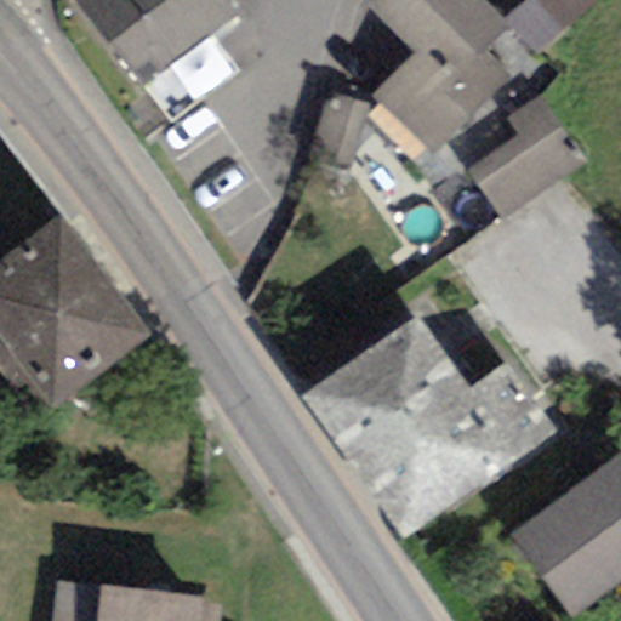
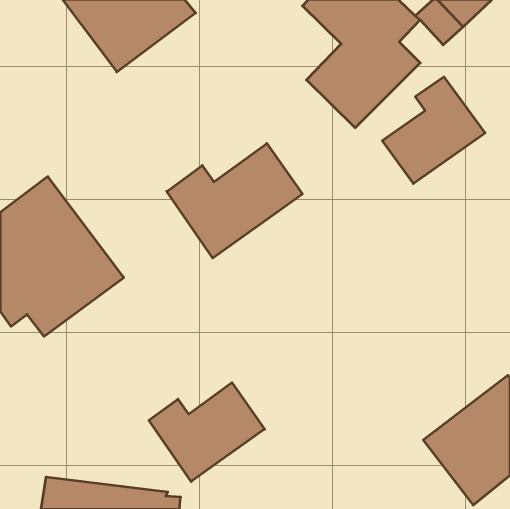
building: none -> [167,143,302,258]
building: [301,310,556,537] -> none
building: none -> [149,383,265,482]

